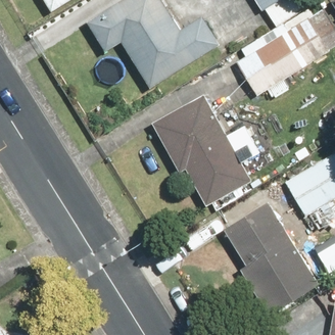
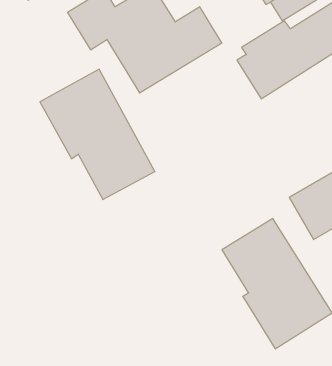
building: [151,93,252,207] -> [40,69,155,200]

